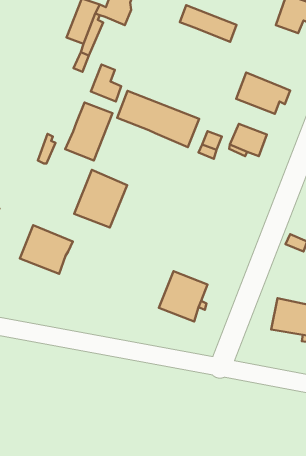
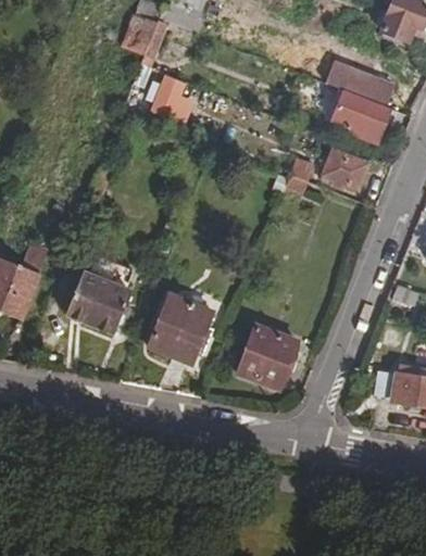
building: [180,5,237,42] -> [325,61,393,105]
building: [117,91,199,147] -> none
building: [65,102,113,161] -> none
building: [74,170,127,227] -> [150,290,214,359]

